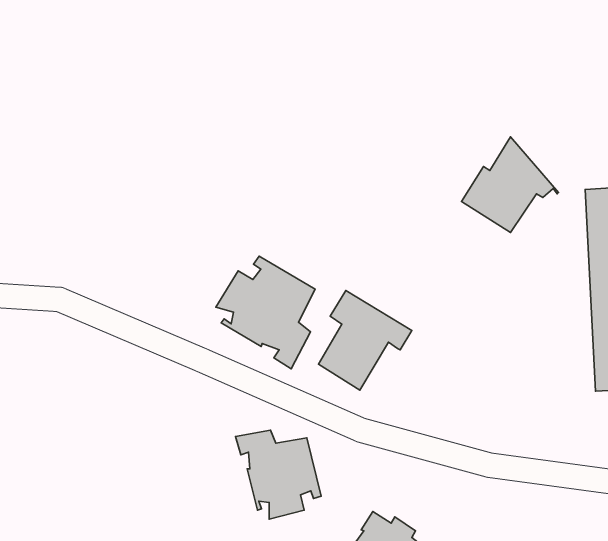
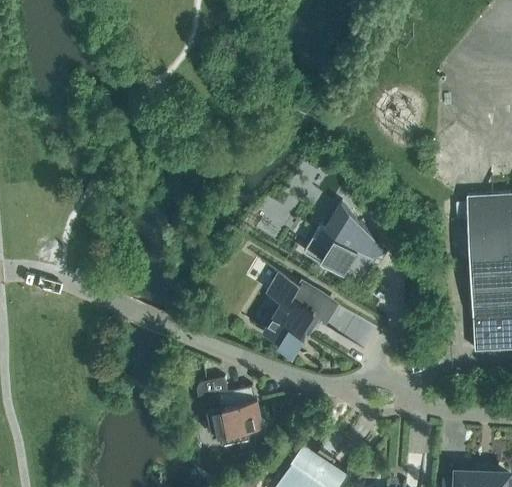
building: [461,137,558,233] -> [304,203,379,277]
building: [216,256,315,369] -> none

